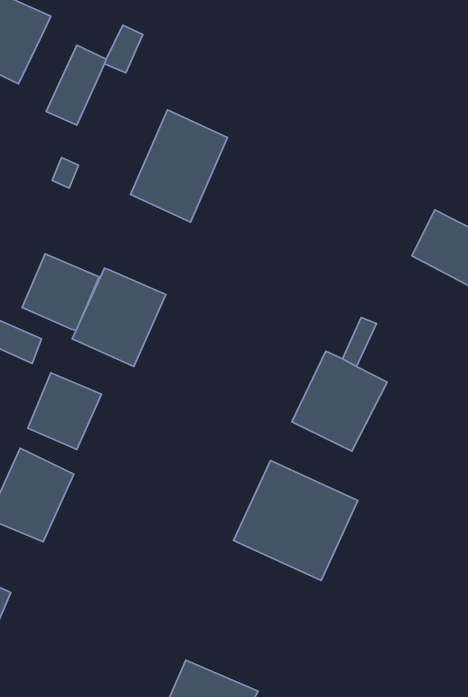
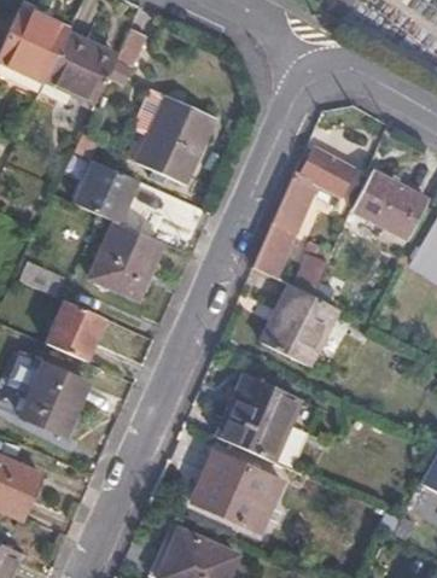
building: none -> [42,33,92,97]
building: none -> [252,152,354,279]
building: [22,254,99,331] -> [75,160,135,221]
building: none -> [191,446,273,525]

